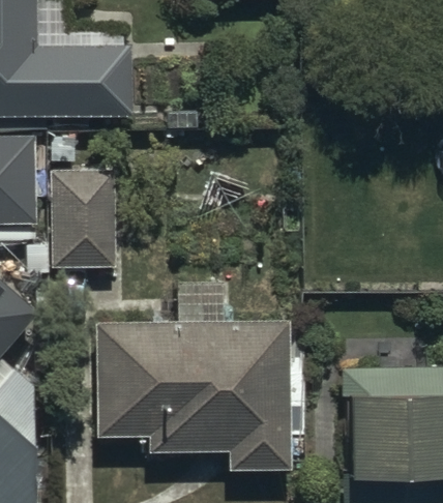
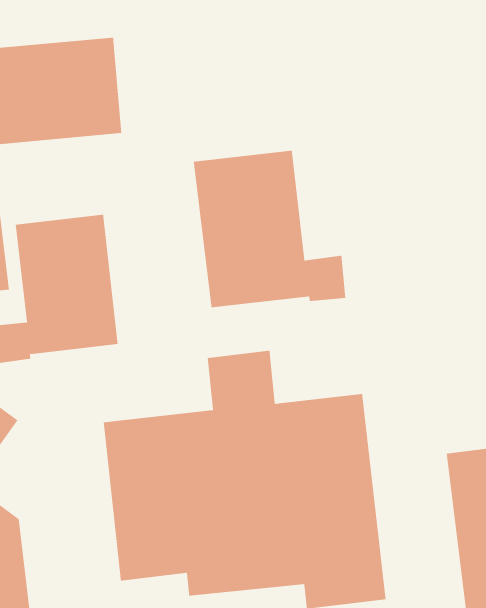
building: none -> [193,150,346,308]

